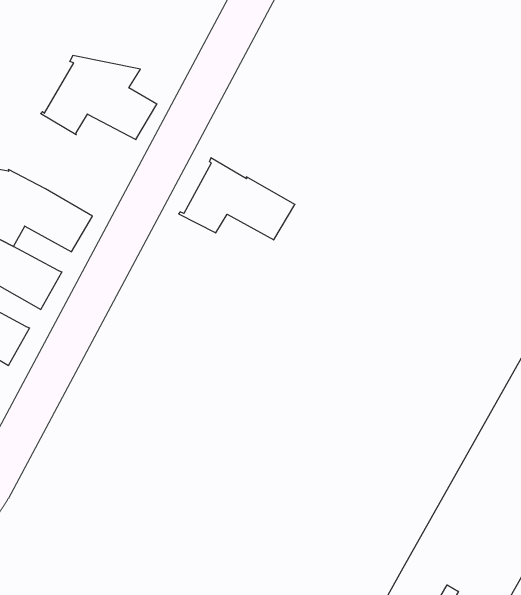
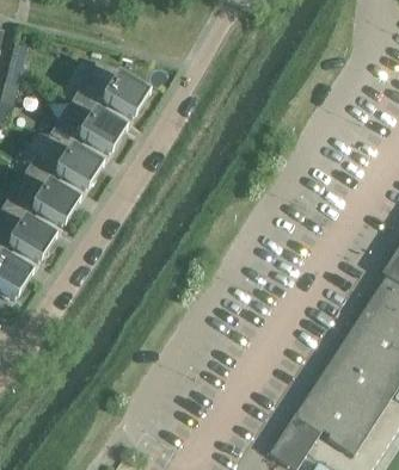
building: [179,158,295,240] -> [48,98,125,155]

